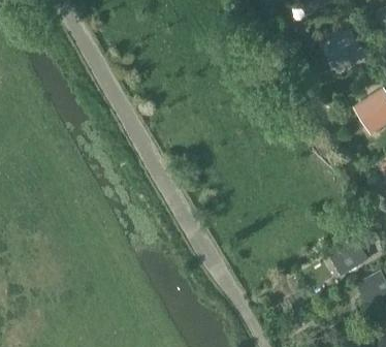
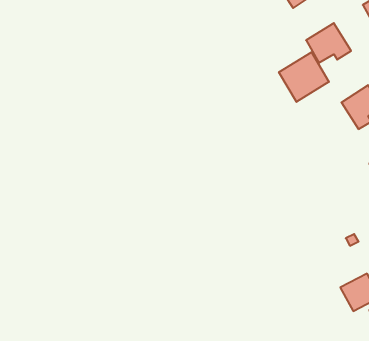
building: none -> [279,52,329,102]
building: [336,241,368,273] -> none

